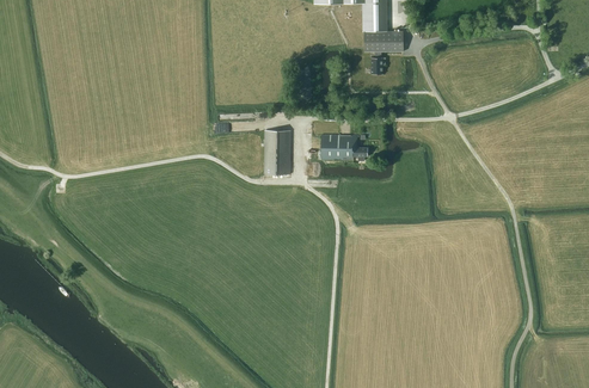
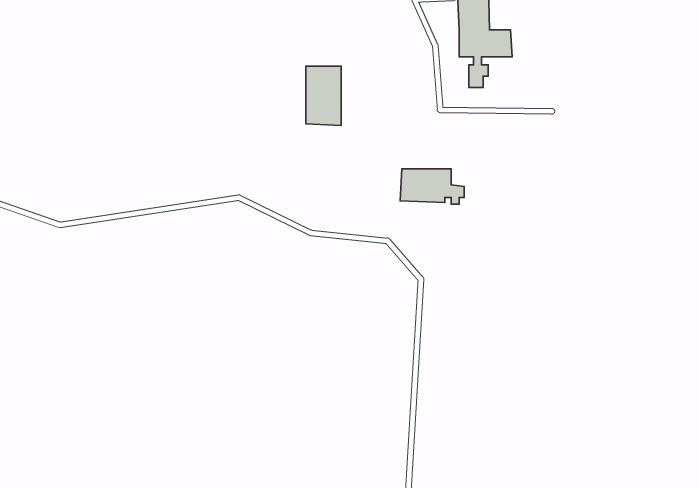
building: [264,130,290,174] -> [306,66,341,125]

